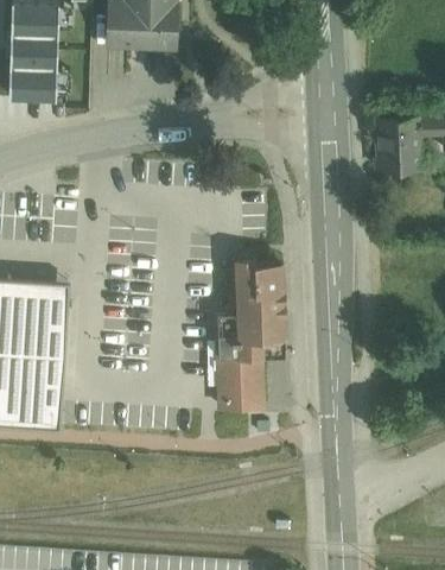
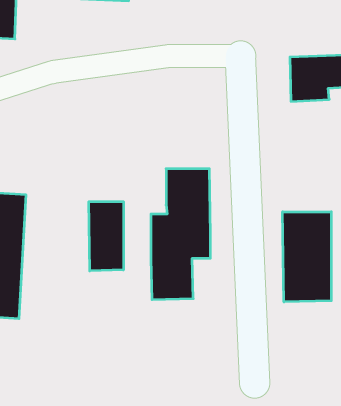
building: none -> [89,202,123,271]
building: none -> [283,212,331,302]

